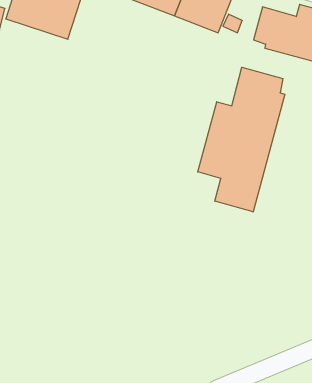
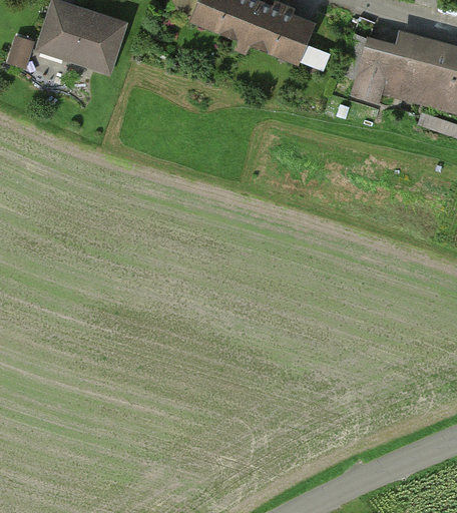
building: [198,67,285,212] -> none

